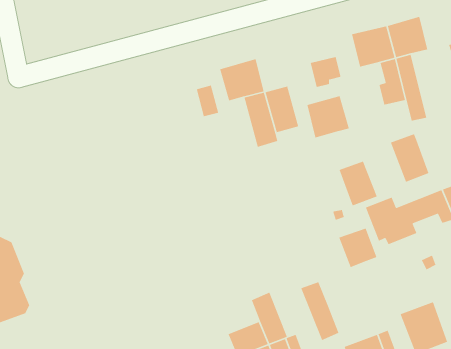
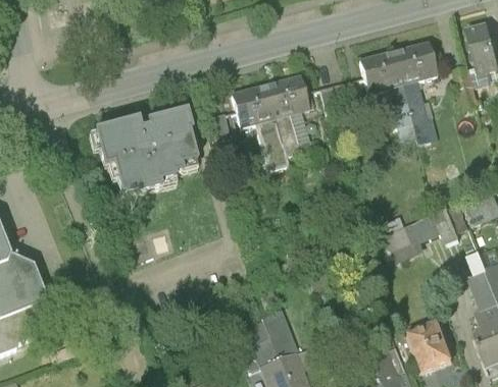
building: none -> [95,108,198,192]
building: [306,95,350,138] -> [267,73,309,115]
building: [390,133,429,183] -> none
building: [339,160,378,207] -> none
building: [338,227,378,268] -> none
building: [300,281,339,341] -> none

